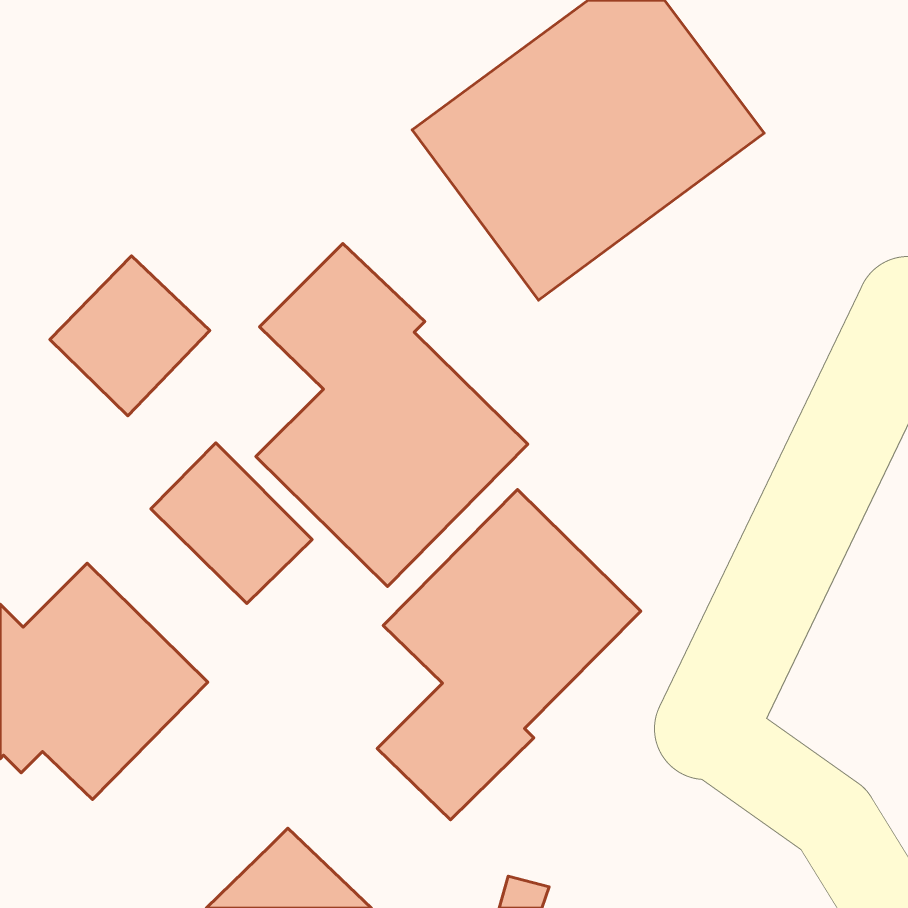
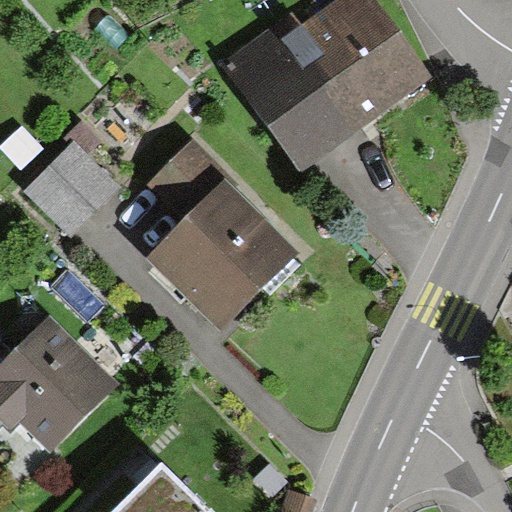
building: [151,443,312,603] -> none
building: [377,490,641,820] -> none

